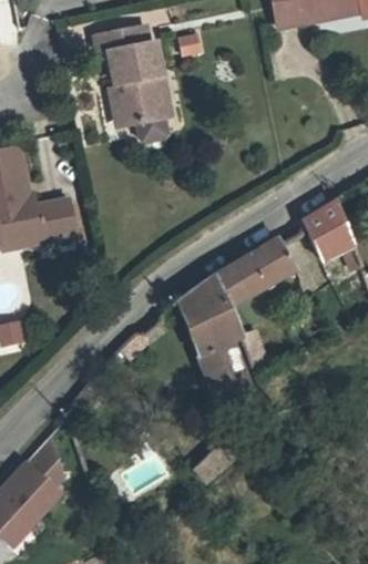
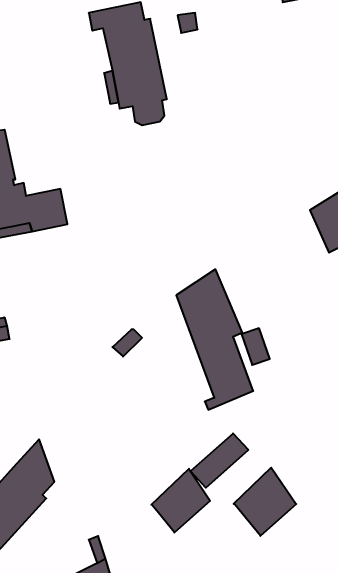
building: [215,238,295,307] -> none
building: none -> [234,468,296,536]
building: none -> [151,469,210,533]

